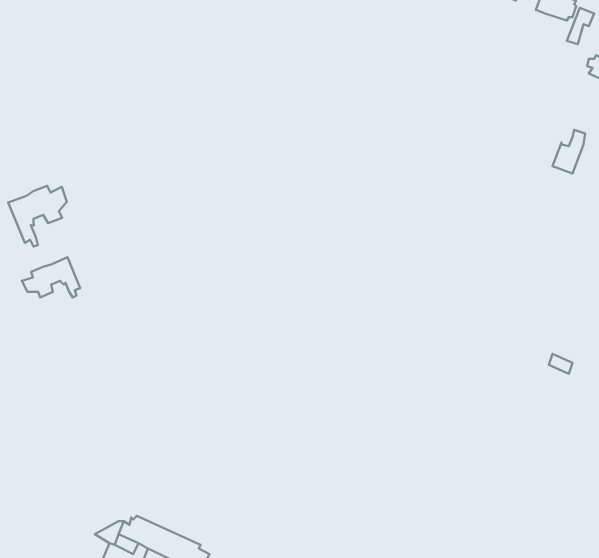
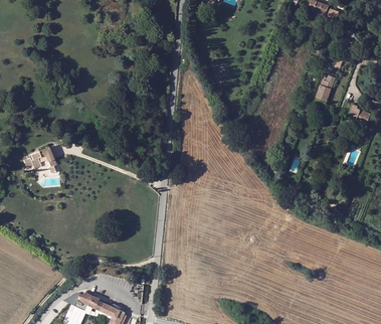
building: [8,186,67,247] -> none

